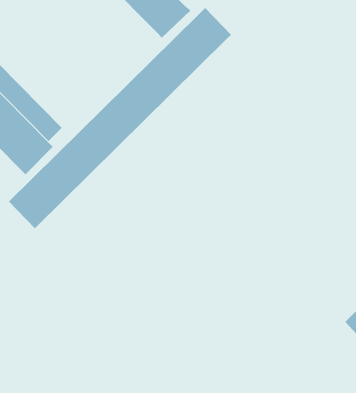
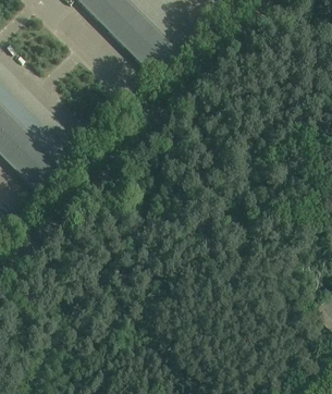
building: [8,7,232,229] -> none

